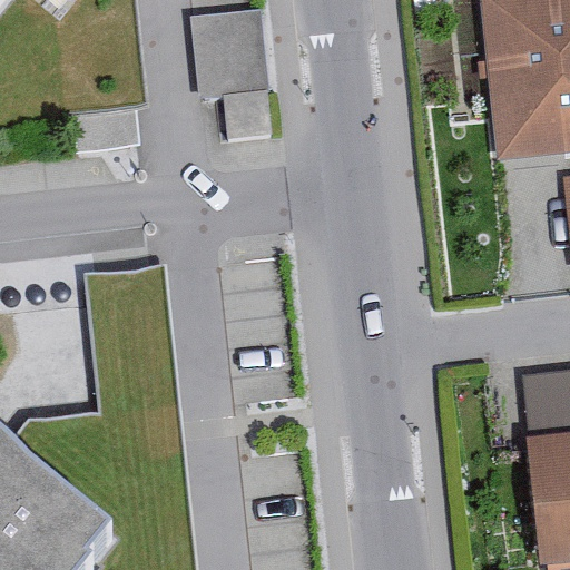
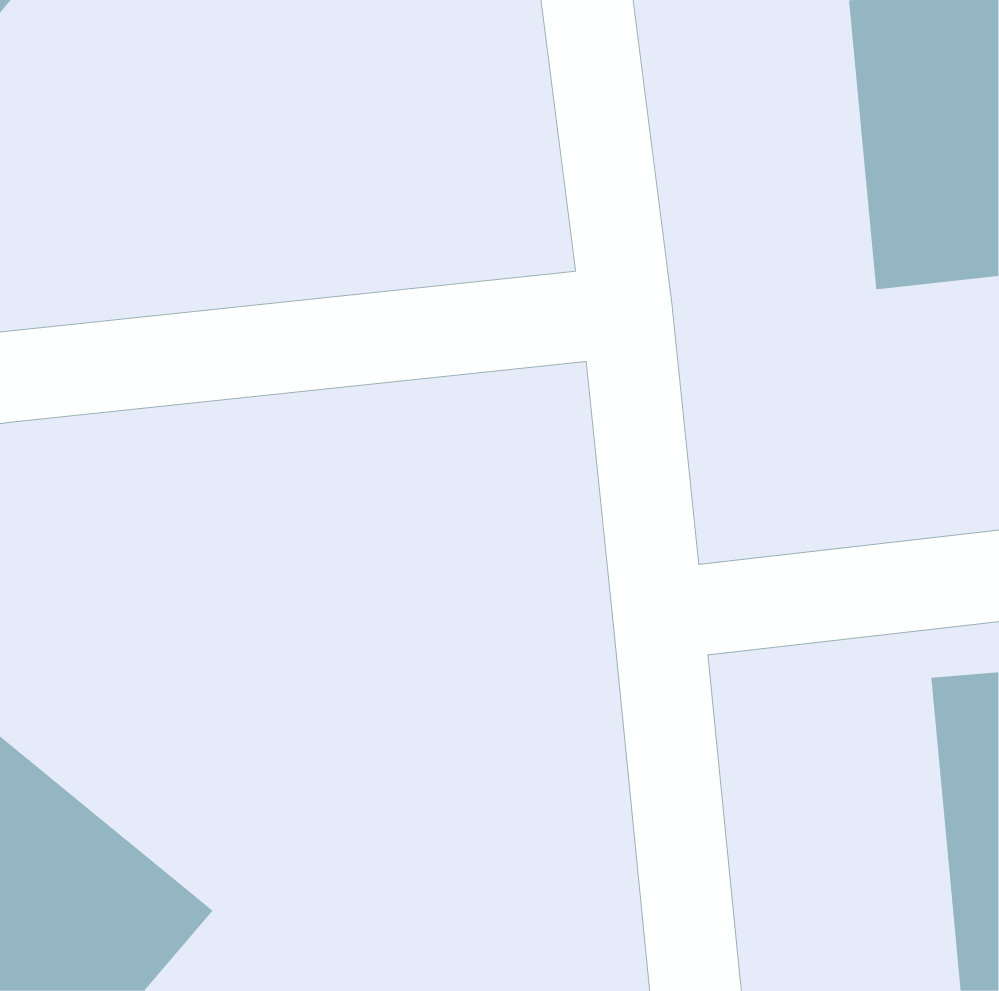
building: [194,16,267,142] -> none

